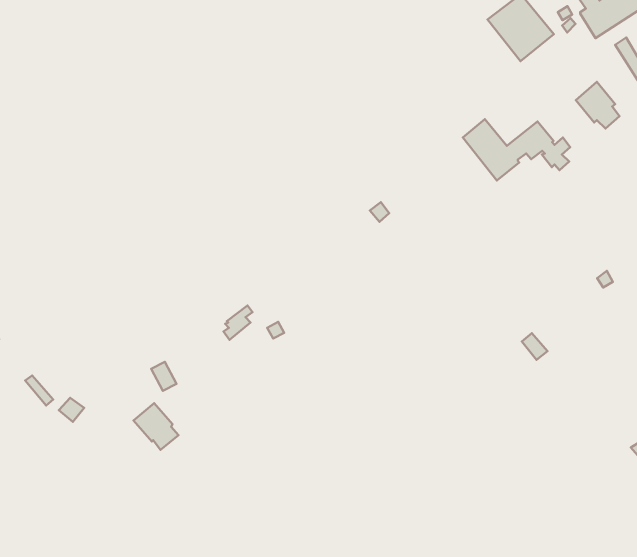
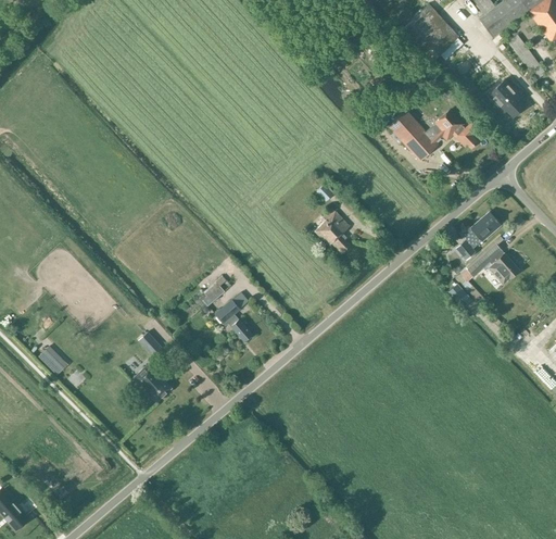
building: none -> [315,209,350,253]
building: none -> [455,212,500,261]
building: none -> [467,245,519,284]
building: none -> [215,300,252,341]

